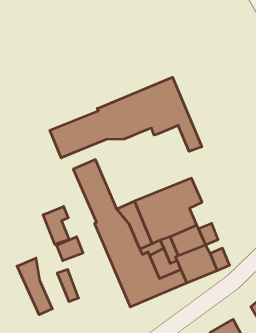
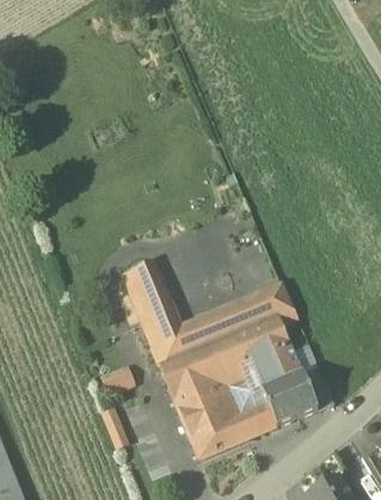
building: [50,77,202,158] -> none
building: [43,206,69,244] -> none
building: [17,258,52,315] -> none

